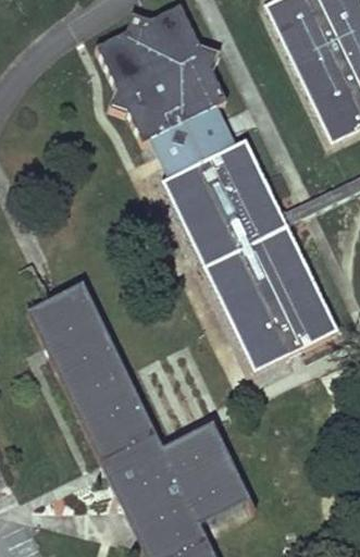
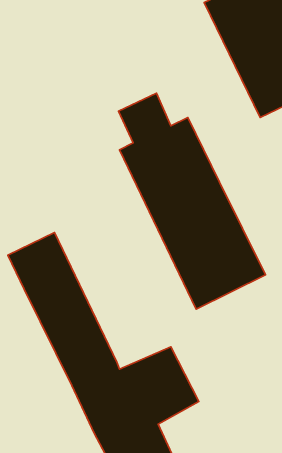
building: [98,7,226,143] -> none

